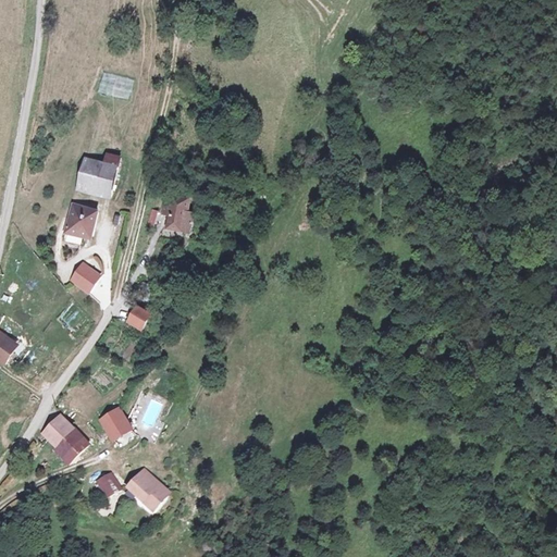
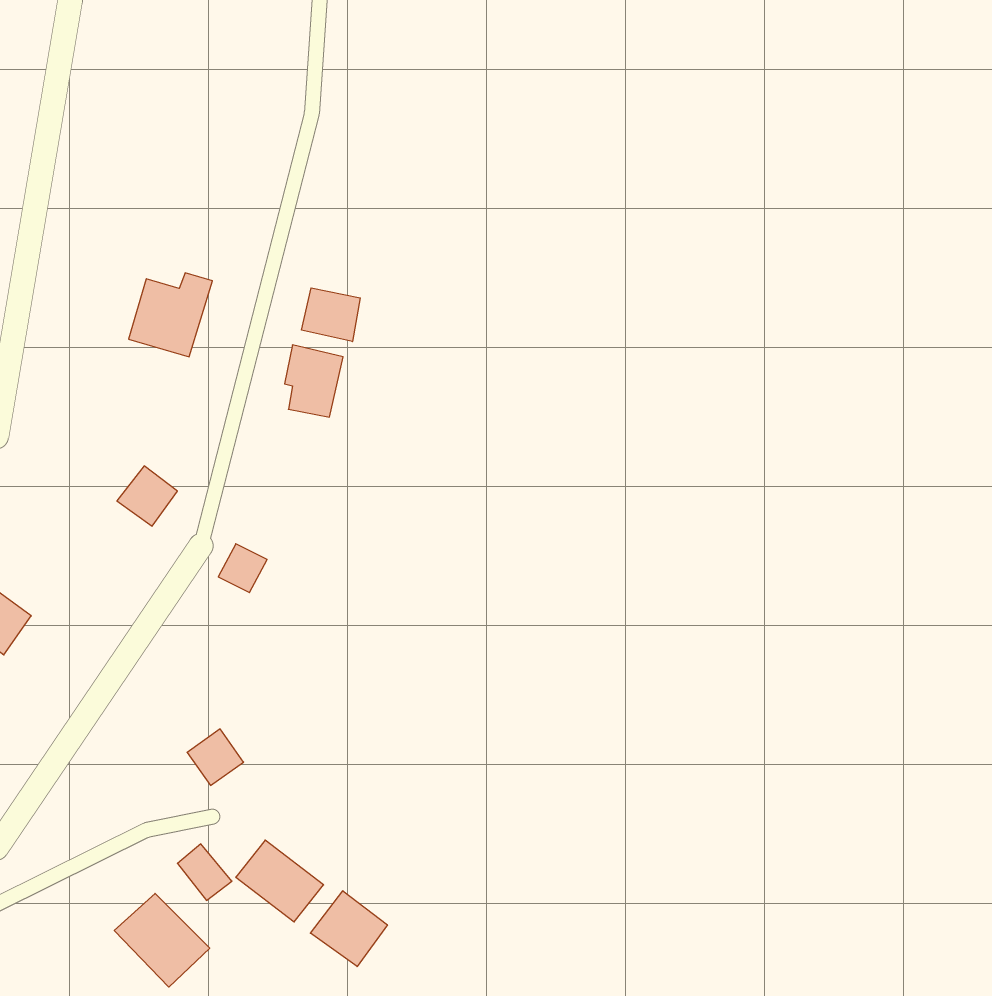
building: none -> [302,288,360,342]
building: [60,201,97,242] -> none
building: [41,414,95,467] -> [114,893,210,987]
building: none -> [310,891,387,967]

